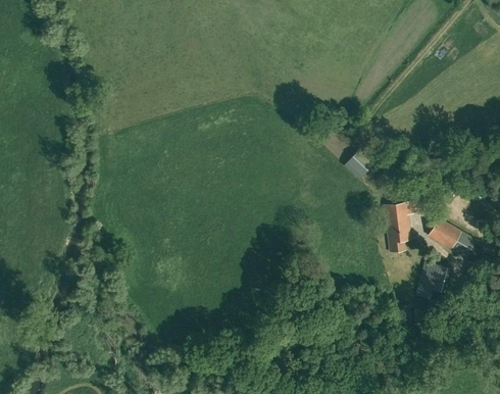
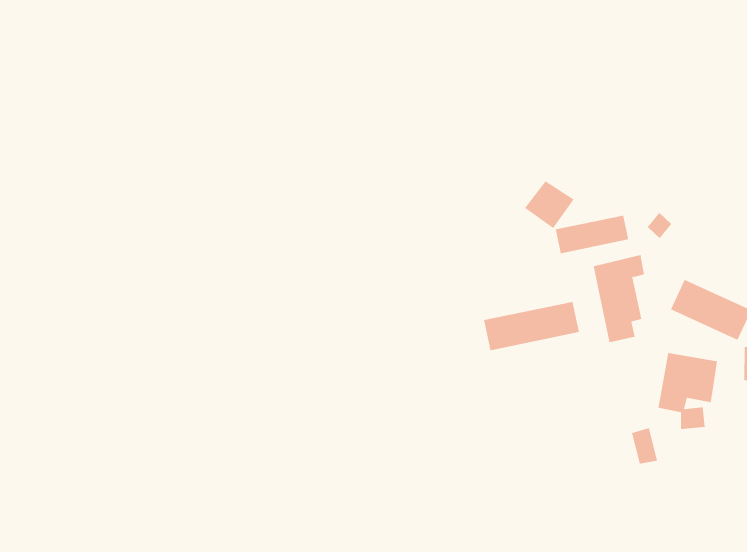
building: none -> [555,215,629,254]
building: none -> [483,301,580,351]

